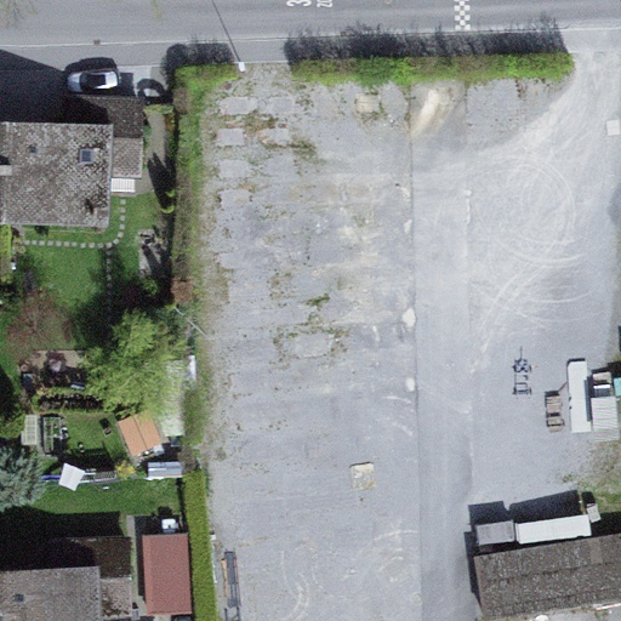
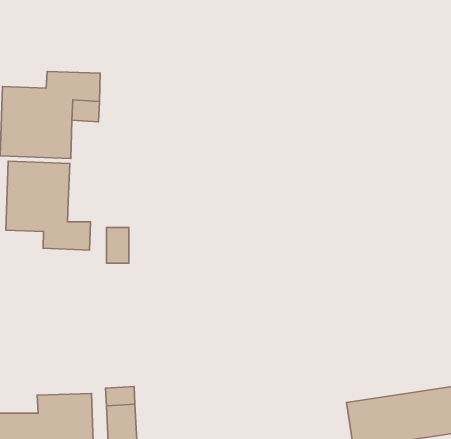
building: none -> [6,161,91,250]

